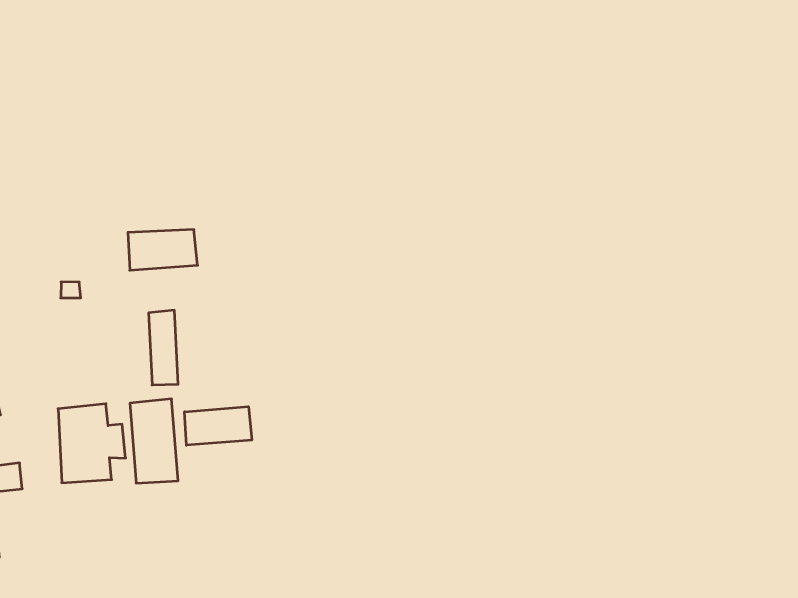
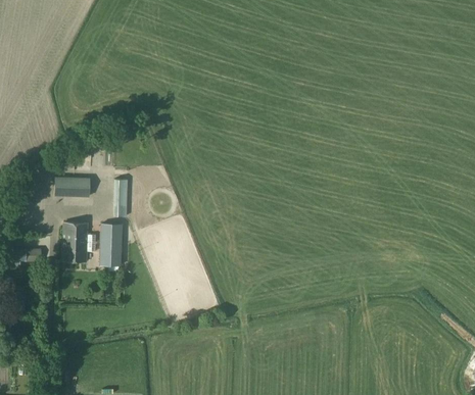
building: [128,230,198,270] -> [55,178,90,198]
building: [185,407,252,445] -> none

